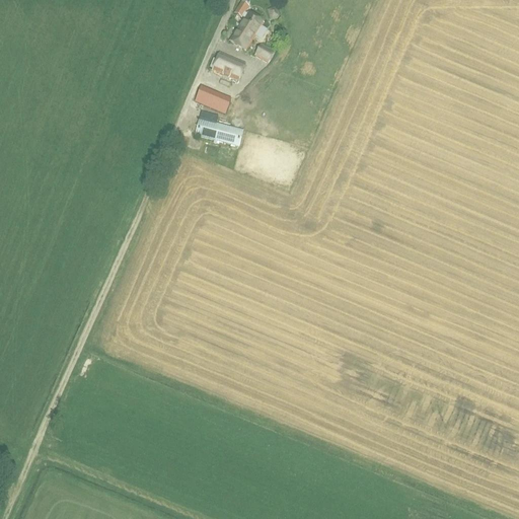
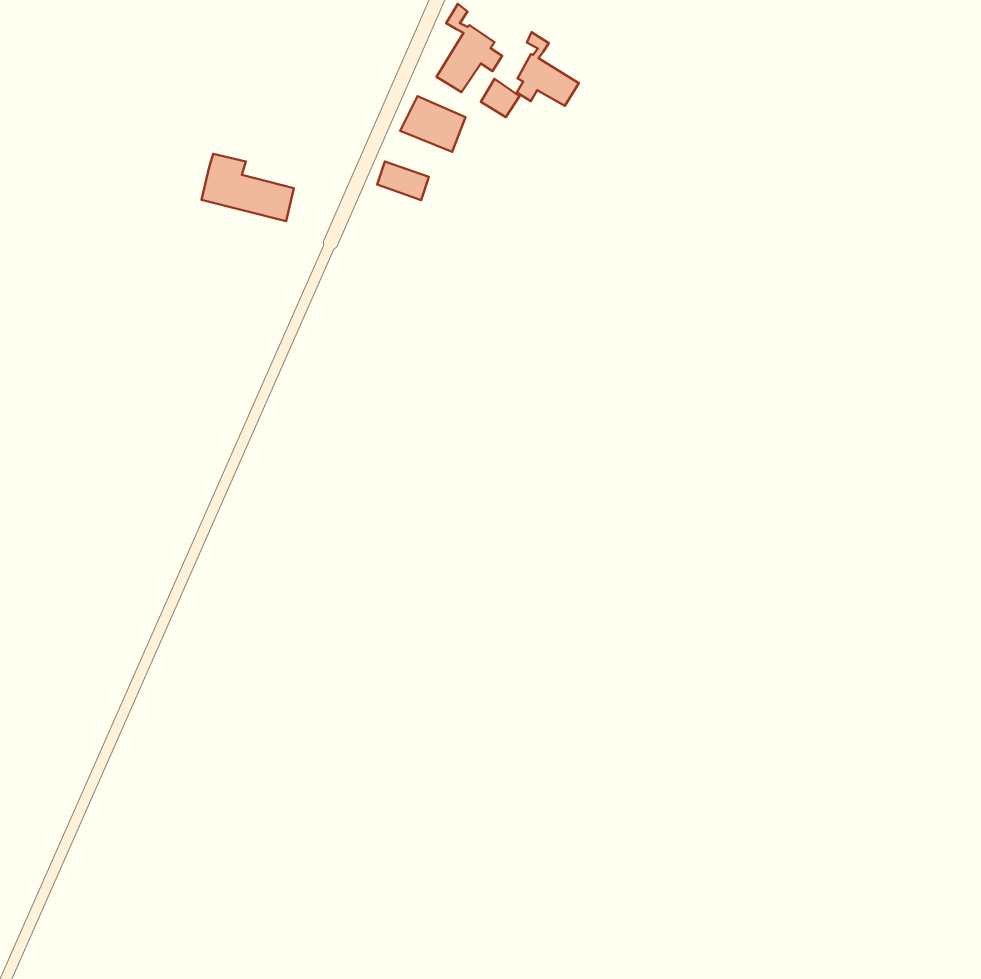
building: none -> [517,32,579,106]
building: [194,110,242,146] -> [201,154,294,221]

